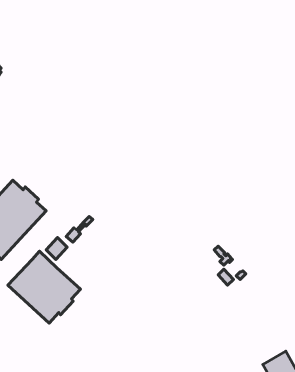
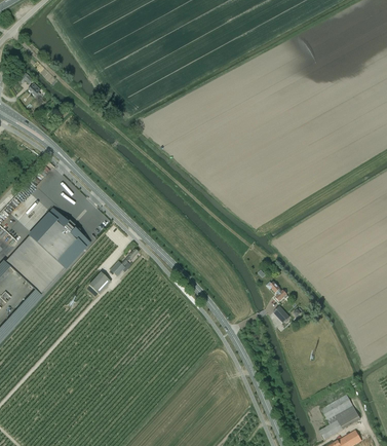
building: [8,251,80,323] -> none

